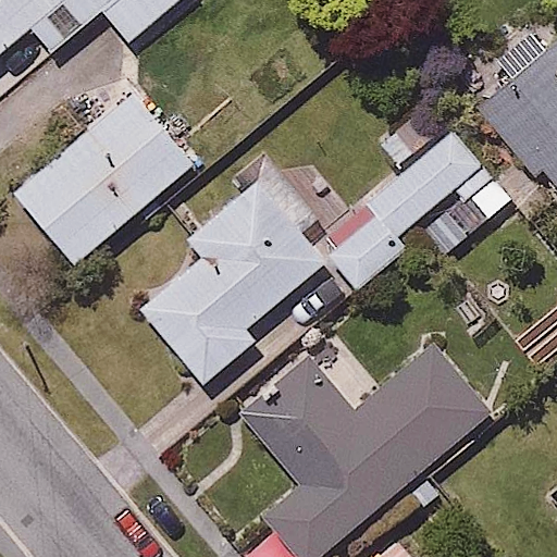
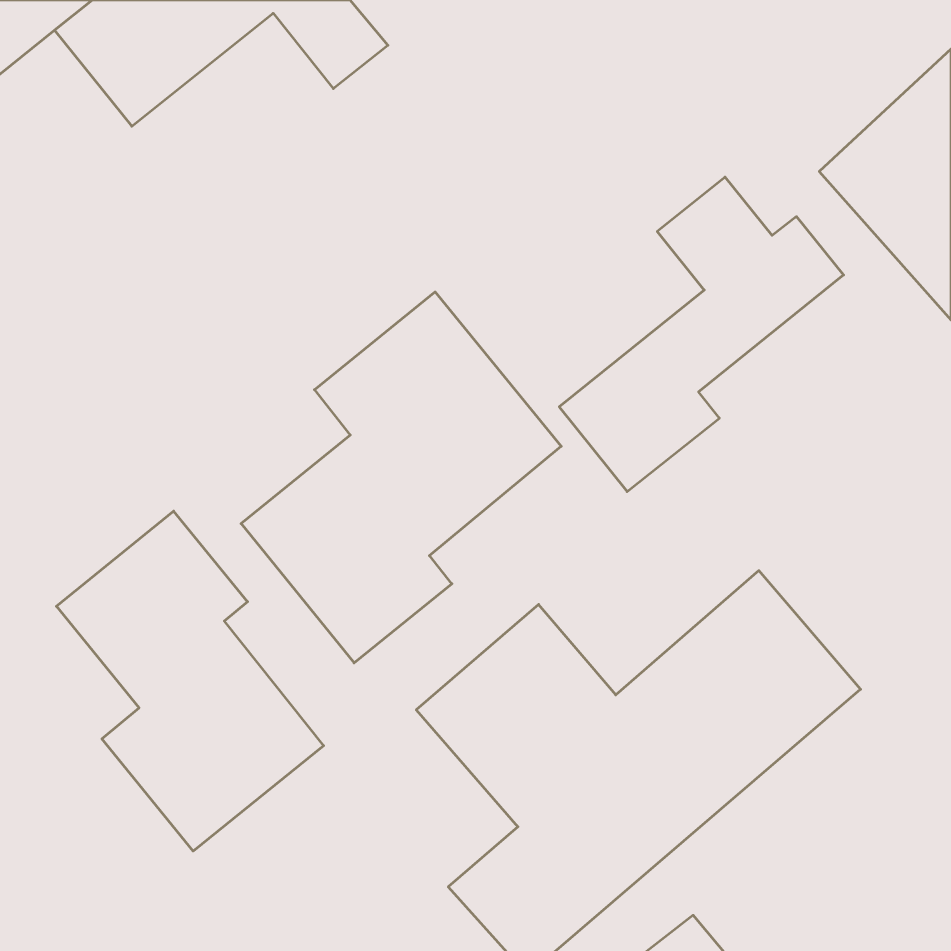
building: [11,85,199,265] -> none
building: none -> [56,511,324,851]

